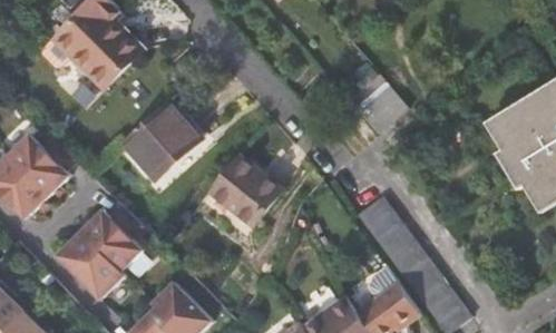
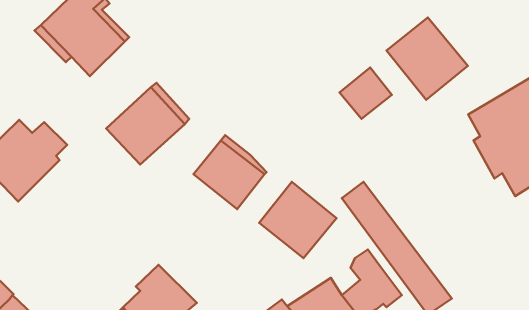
building: none -> [386,18,468,100]
building: none -> [259,182,337,258]
building: [52,202,142,298] -> none

